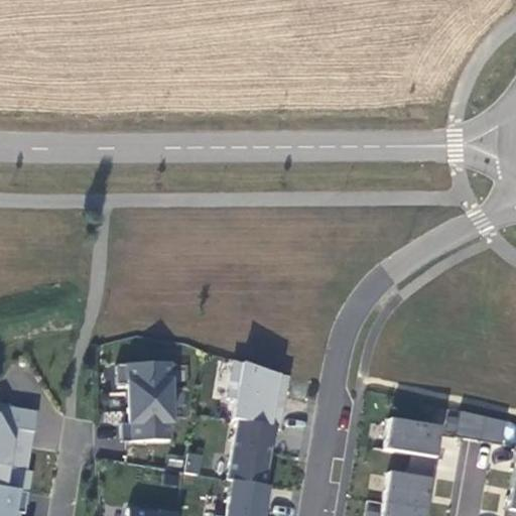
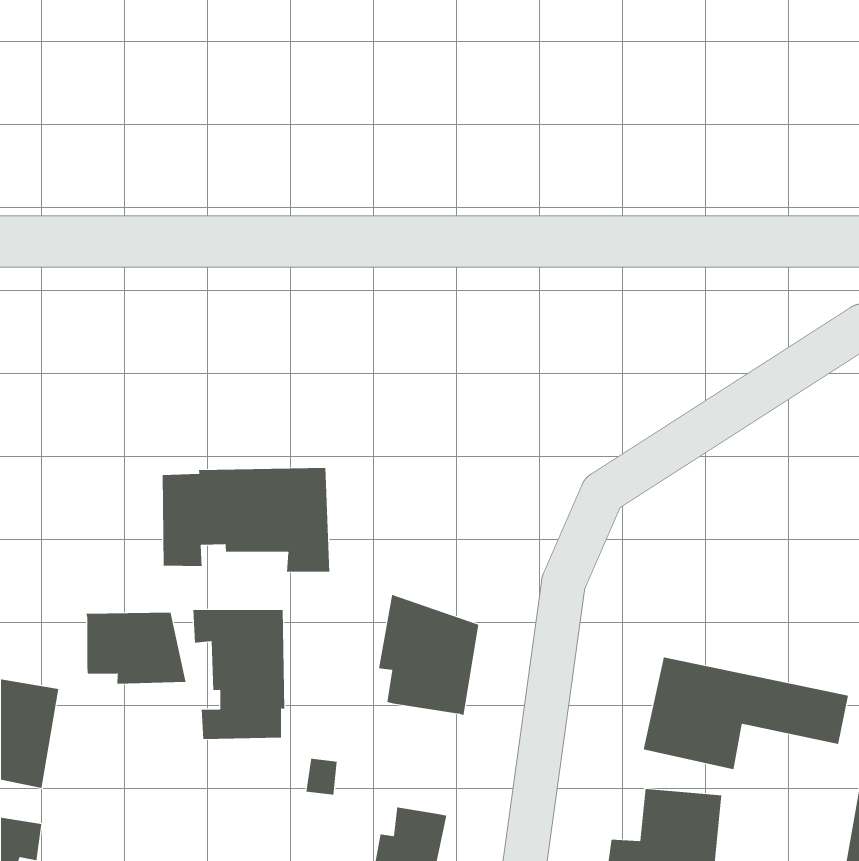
building: none -> [162,467,330,573]
building: none -> [86,612,186,685]
building: [227,421,276,487] -> none

